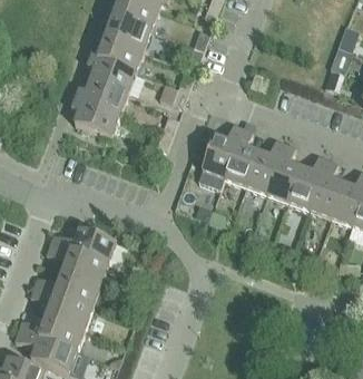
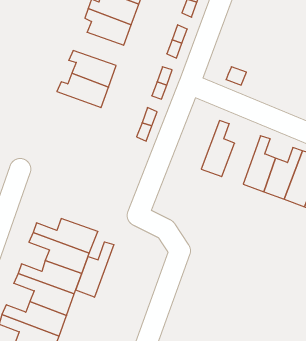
building: [91,35,144,69] -> none
building: [71,96,120,135] -> none
building: [202,122,243,176] -> none
building: [245,138,285,192] -> none
building: none -> [76,242,114,297]

